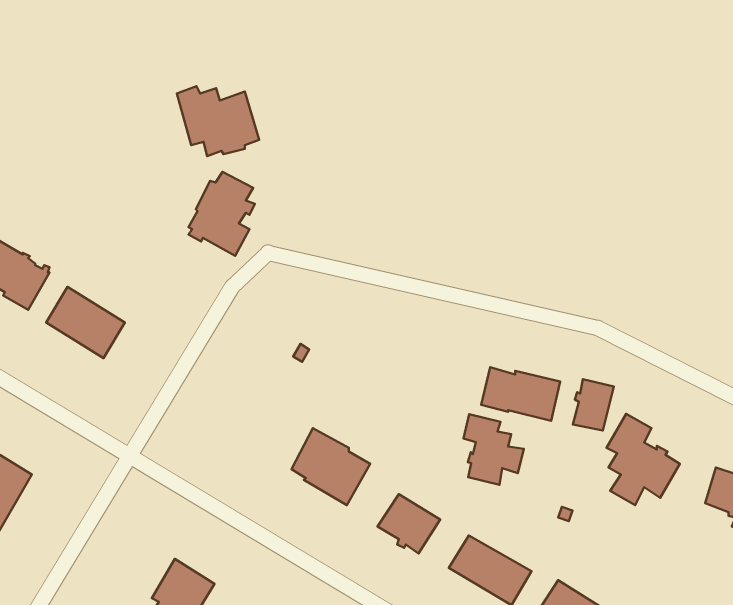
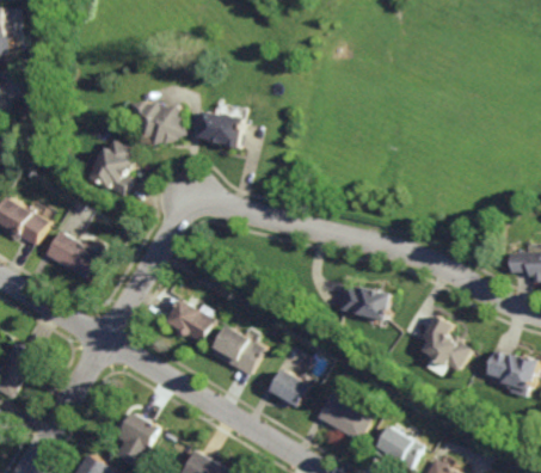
building: none -> [198,106,241,147]
building: [189,172,255,256] -> [92,137,136,194]
building: [573,379,614,431] -> none
building: none -> [164,296,215,340]
building: [463,414,524,485] -> none

